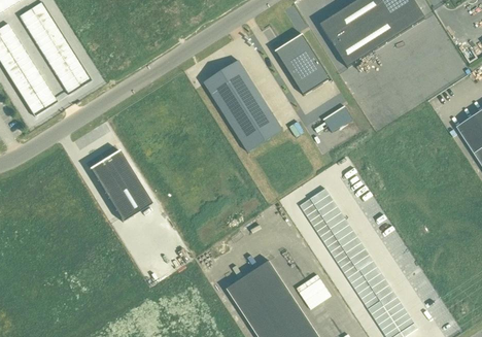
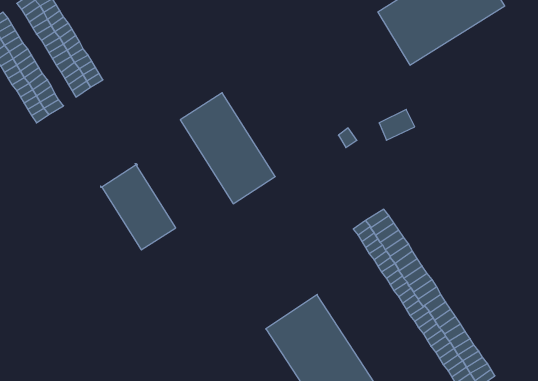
building: [275,33,330,94] -> none
building: [203,59,282,151] -> [180,93,275,204]

